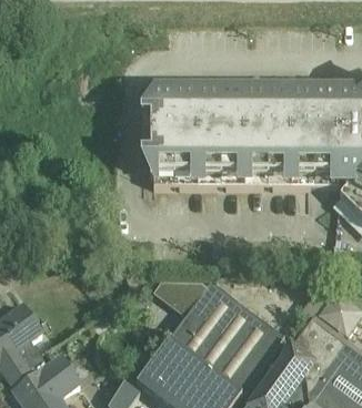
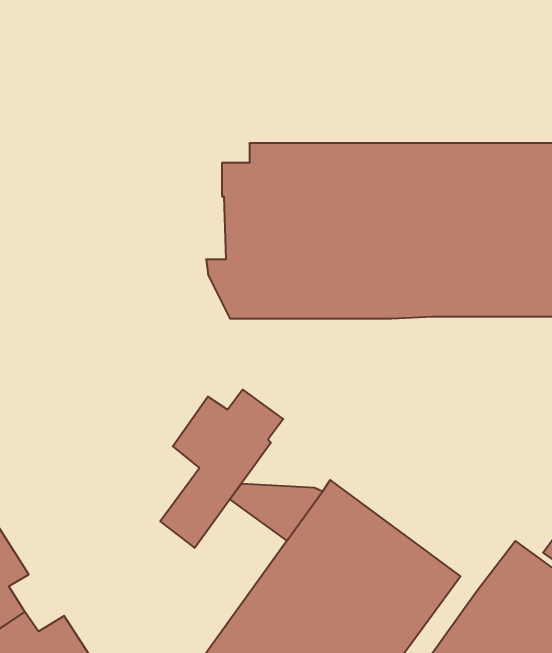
building: none -> [160,390,283,548]

